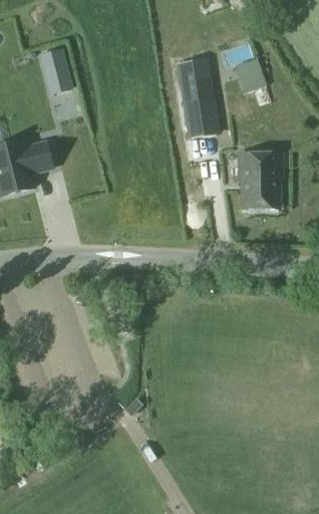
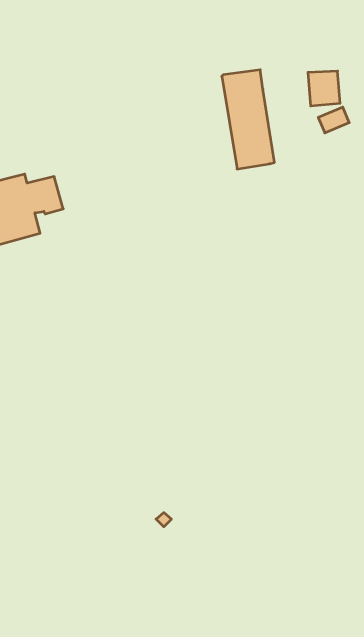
building: [39,49,70,92] -> none
building: [239,154,283,208] -> none

